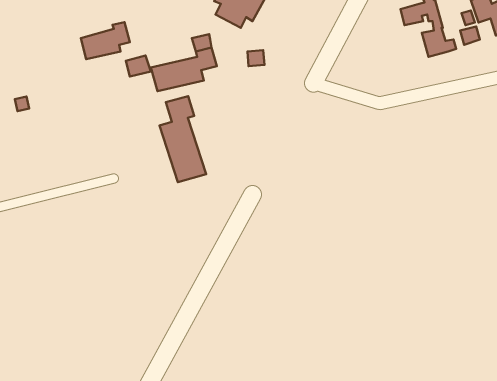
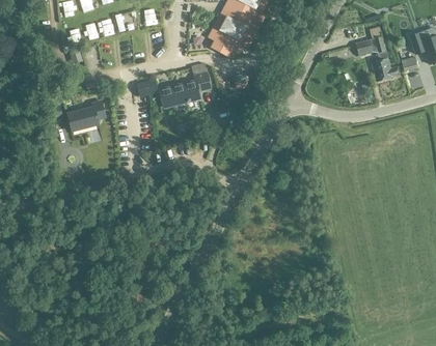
building: [81,22,130,59] -> [67,99,106,128]
building: [159,96,206,182] -> none

